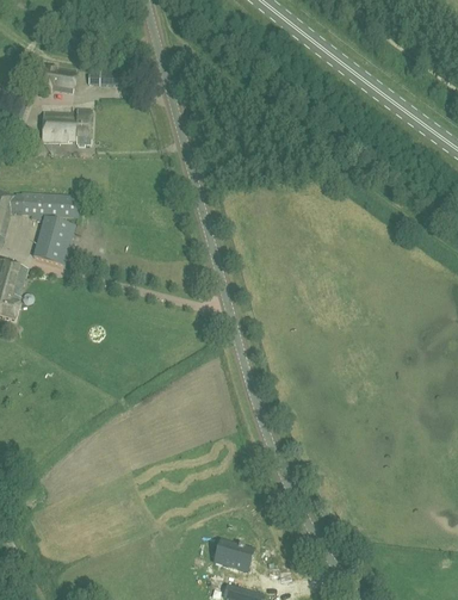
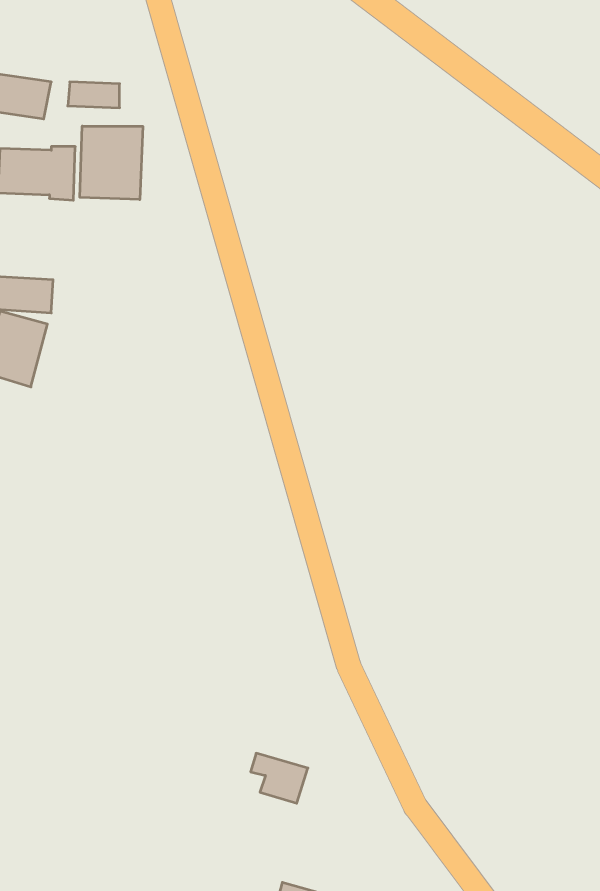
building: none -> [80,126,143,200]
building: [217,542,254,574] -> [251,753,308,803]

